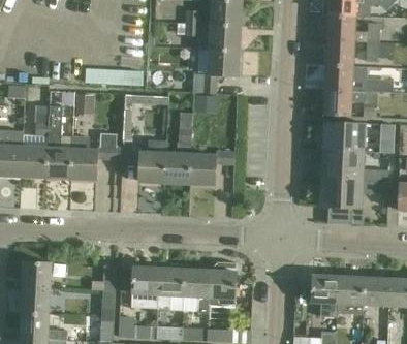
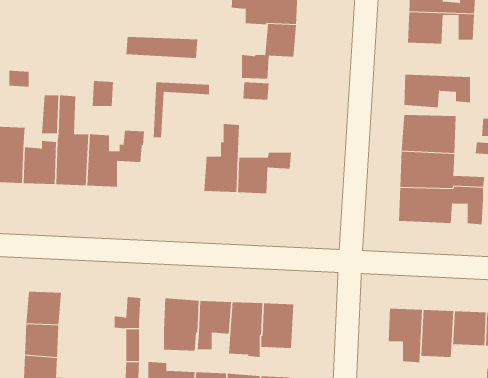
building: [324,64,378,91] -> none
building: [121,140,167,182] -> none

